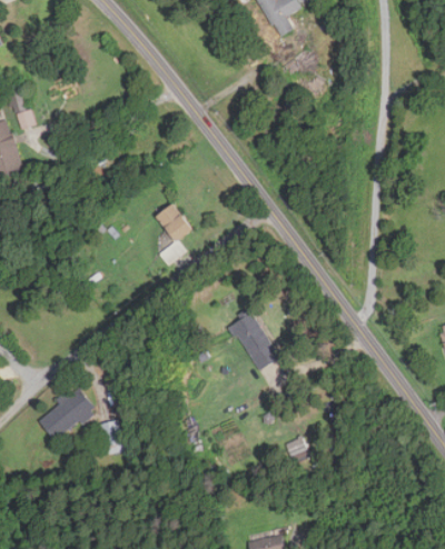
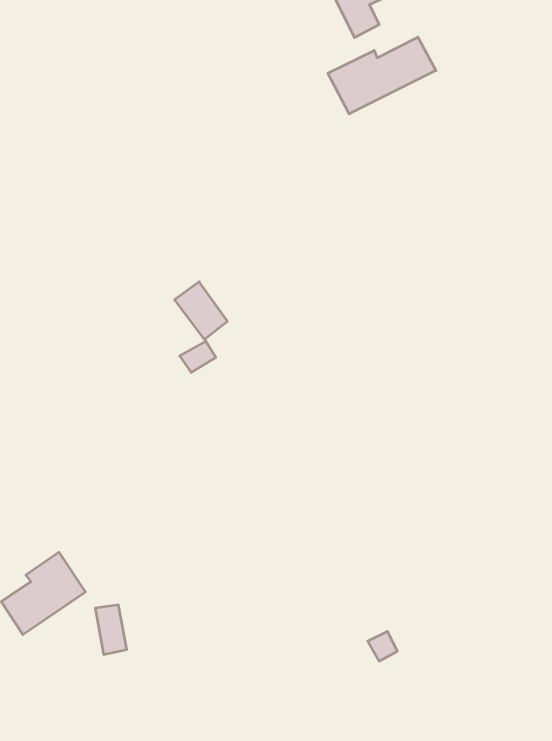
building: none -> [328,37,436,114]
building: [230,311,278,370] -> none

